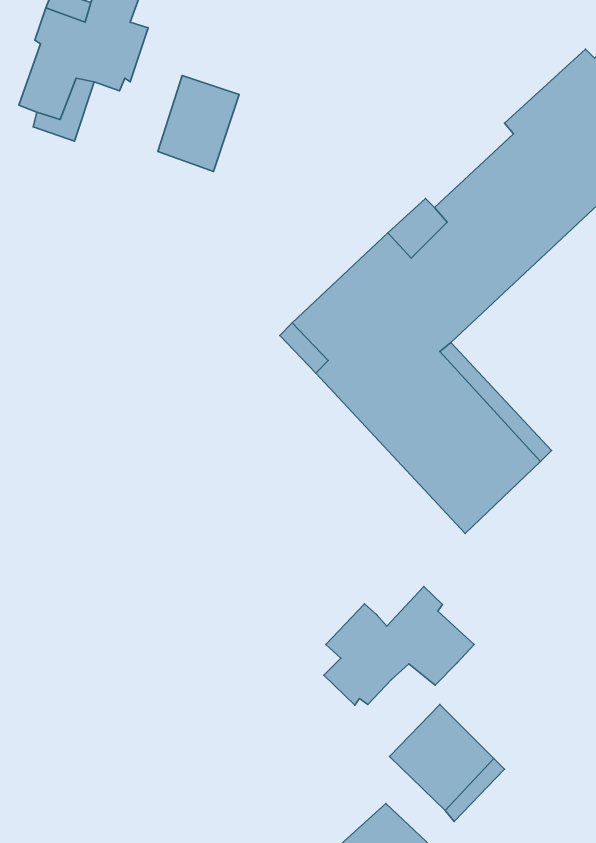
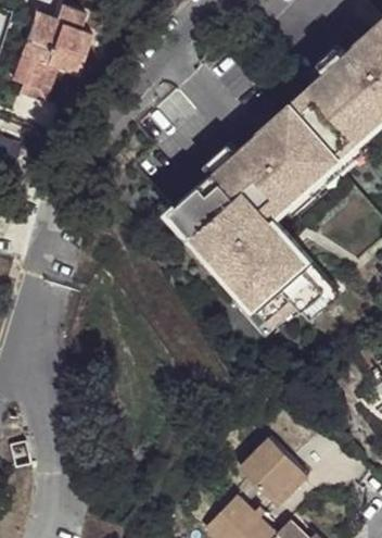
building: [158,75,239,171] -> none
building: [324,587,474,705] -> none

